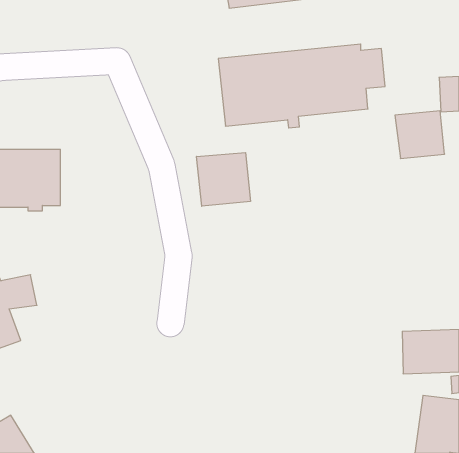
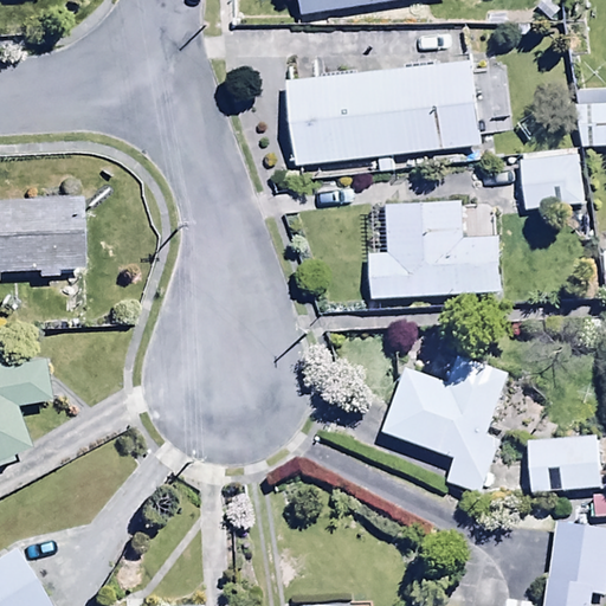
building: none -> [369,199,503,299]
building: [197,153,250,206] -> none
building: none -> [381,354,511,494]

